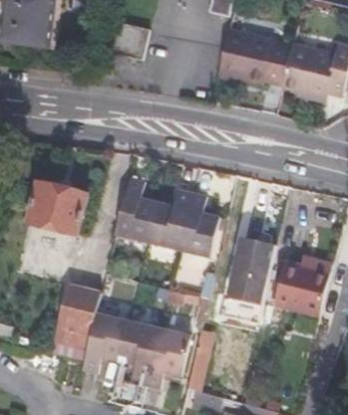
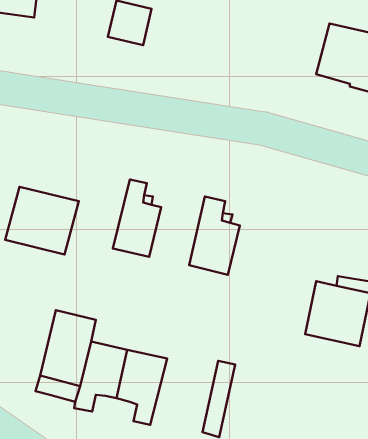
building: [215,32,289,88] -> none
building: [142,188,189,248] -> none
building: [216,238,273,324] -> none
building: [143,326,190,385] -> none

